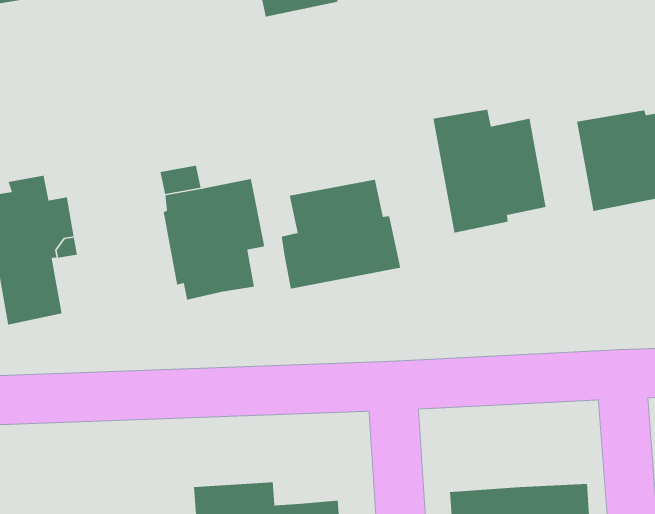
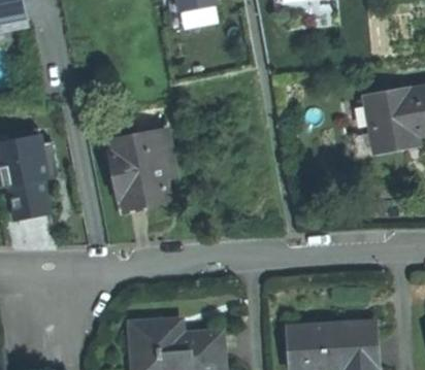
building: [432,109,547,234] -> none
building: [281,179,401,290] -> none

